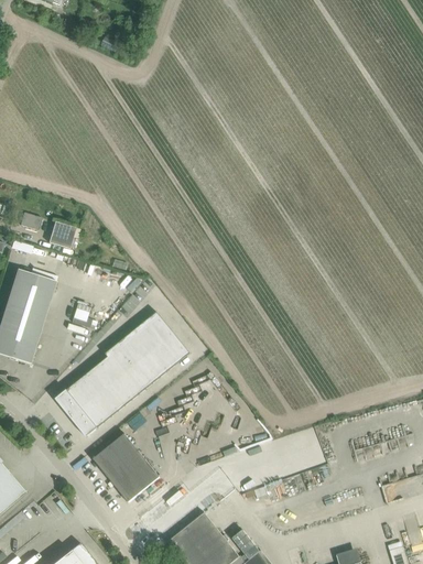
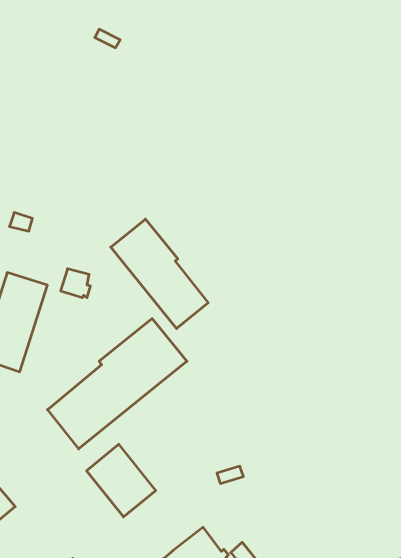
building: none -> [111,219,208,329]
building: [48,221,77,249] -> [61,269,90,298]

